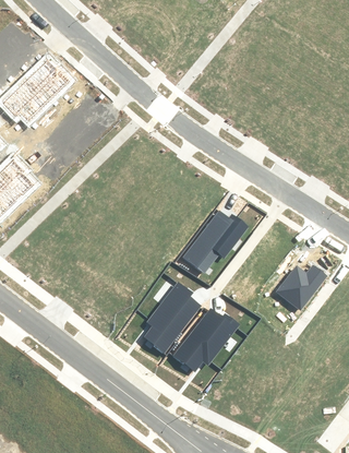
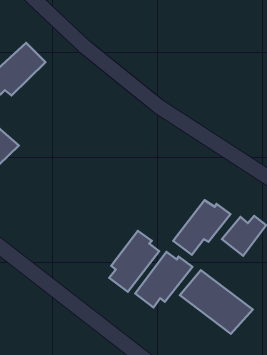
building: [182,207,250,272] -> [173,200,231,255]
building: none -> [180,270,253,334]

